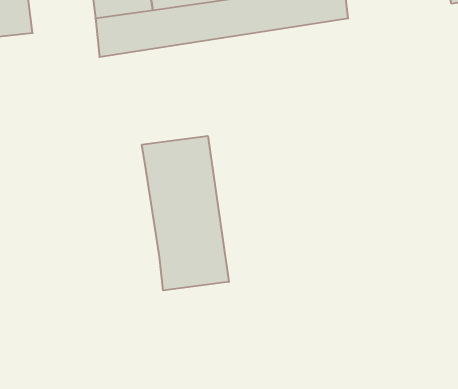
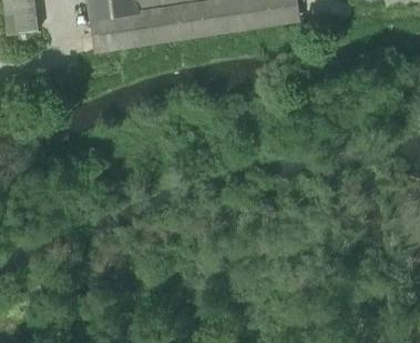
building: [142,136,229,290] -> none

